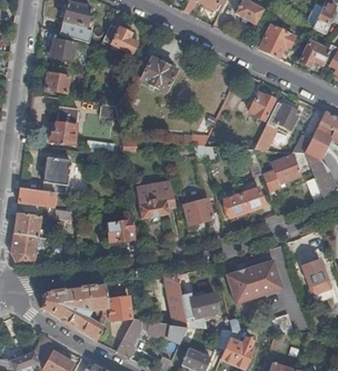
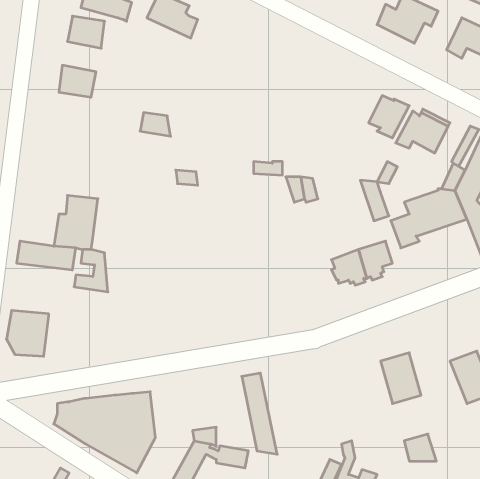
building: [131,53,176,90] -> none
building: [49,104,78,143] -> none
building: [136,182,176,218] -> none
building: [183,198,212,224] -> none
building: [106,211,136,241] -> none
building: [13,212,40,234] -> none
building: [228,265,264,302] -> none
building: [190,291,220,318] -> none
building: [108,295,130,320] -> none

